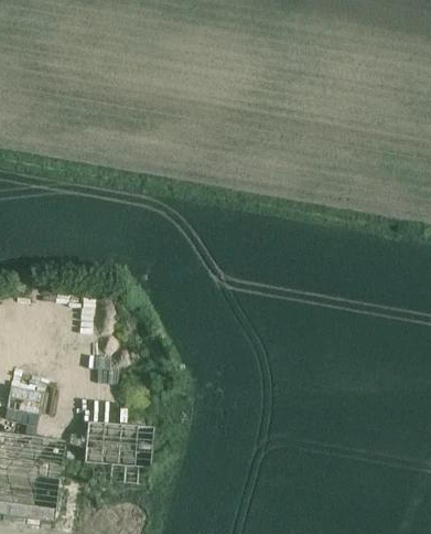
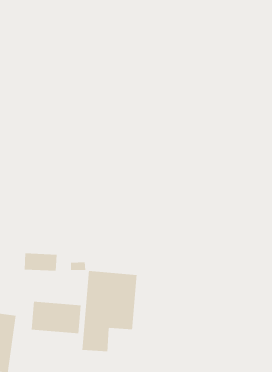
building: none -> [82,270,137,352]

